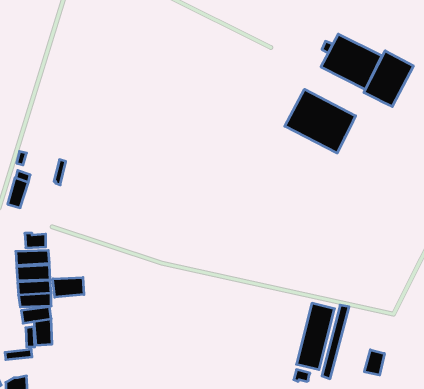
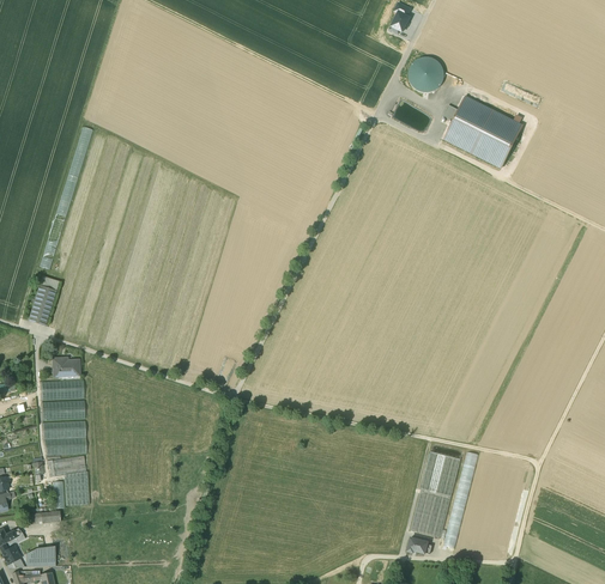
building: none -> [409,57,444,92]
building: [364,51,413,107] -> none
building: [285,89,356,153] -> none
building: [53,277,84,297] -> none
building: [364,350,384,375] -> none

